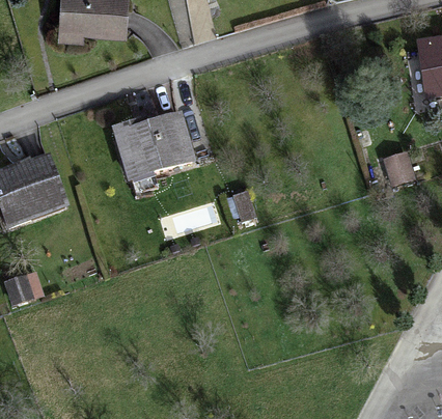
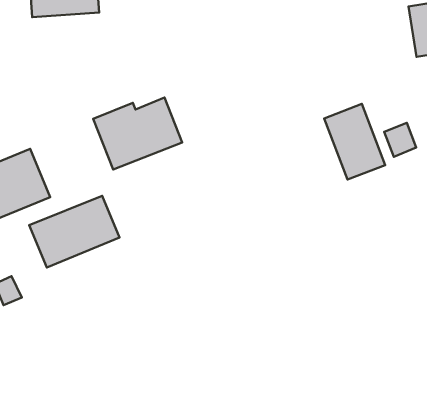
building: none -> [324,104,385,180]
building: none -> [29,196,119,268]

